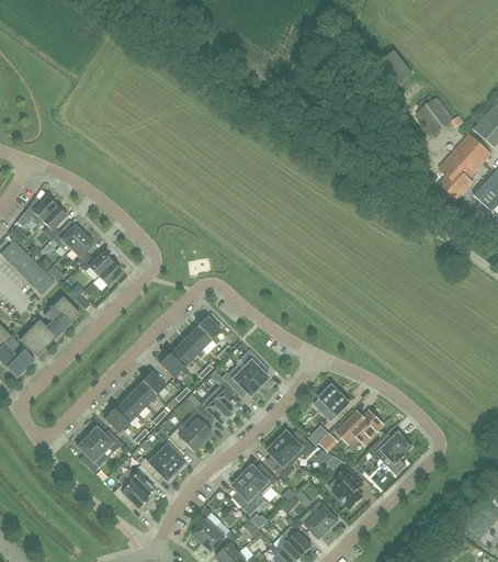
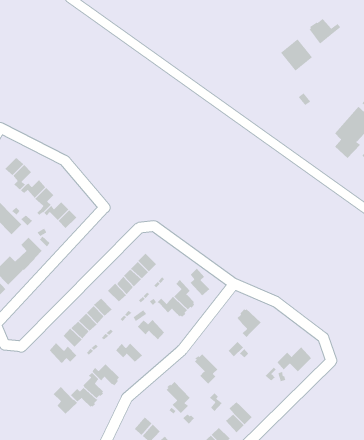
building: none -> [309,18,341,44]
building: [417,94,454,134] -> none
building: [215,379,240,414] -> [190,268,210,296]
building: [188,407,212,442] -> none
building: [337,411,382,443] -> none
building: [276,430,316,460] -> none
building: [77,436,107,471] -> [53,386,78,414]
building: [157,436,185,470] -> none
building: [242,464,278,495] -> none
building: [332,467,363,508] -> none

